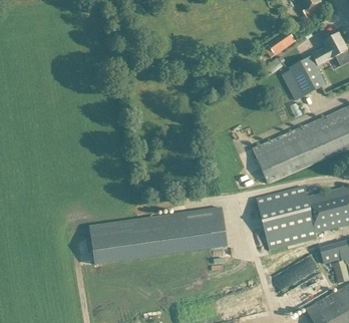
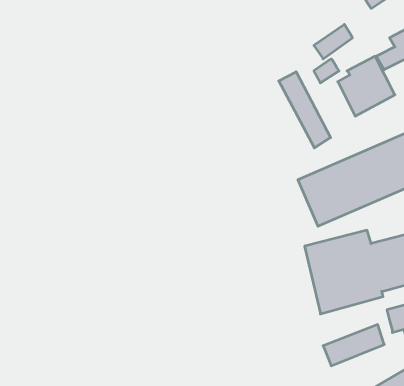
building: none -> [279,72,331,148]
building: [90,206,228,265] -> none

